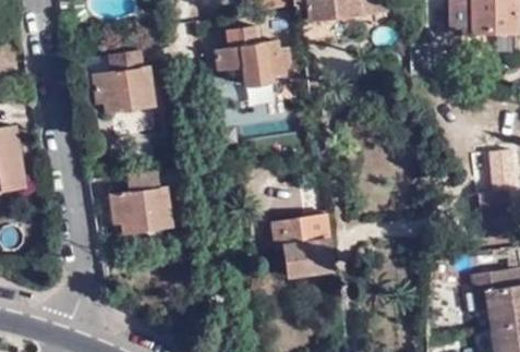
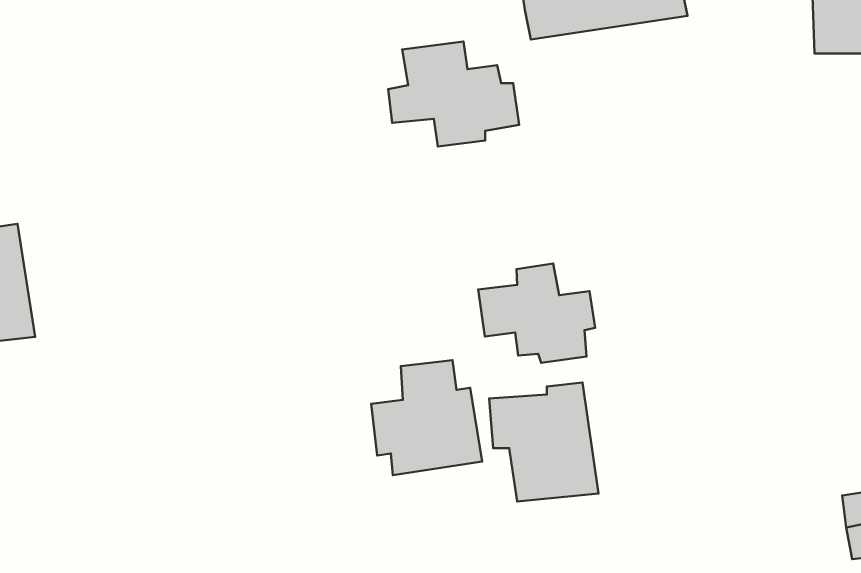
building: [93,50,155,111] -> none
building: none -> [478,264,595,363]
building: [111,169,172,232] -> [371,360,482,475]

